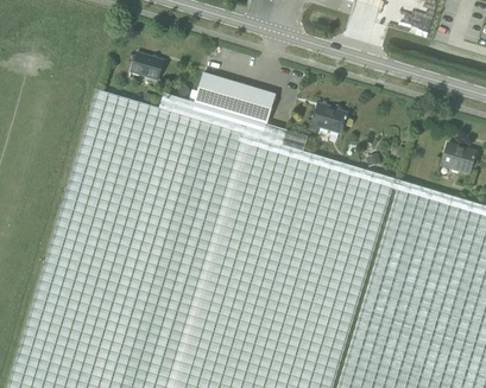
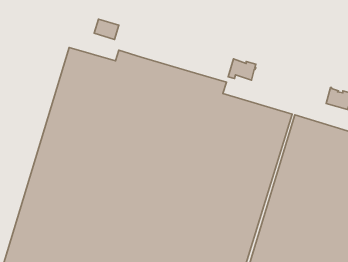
building: [194,72,276,125] -> none

